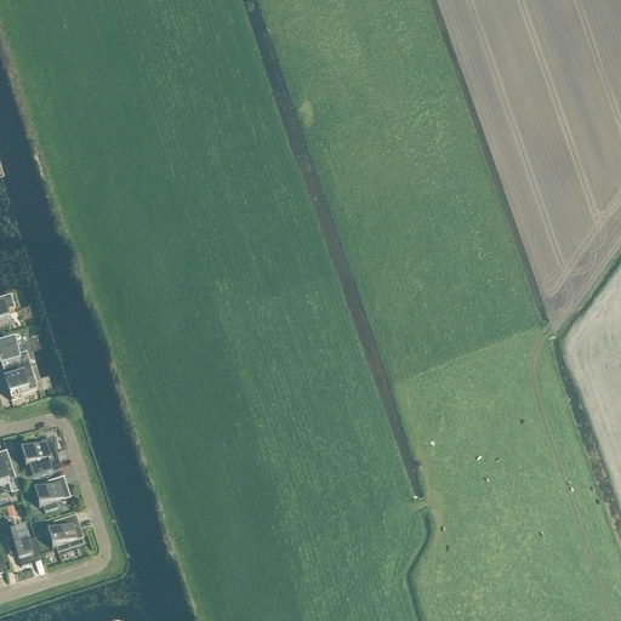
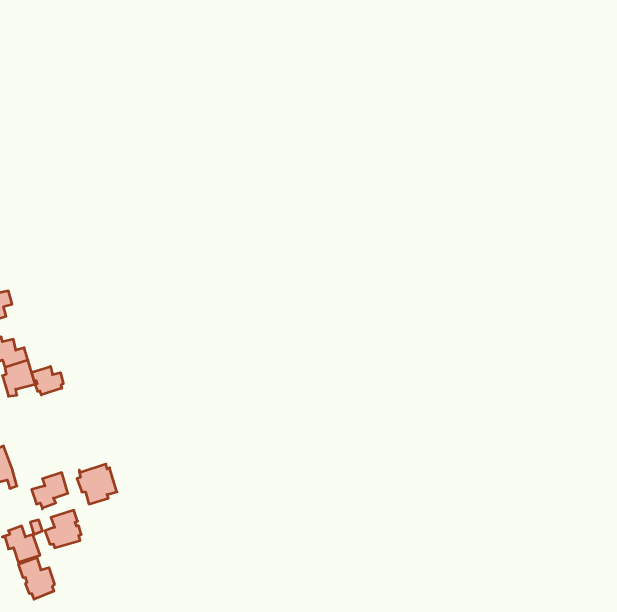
building: none -> [32,366,63,395]
building: [18,435,58,475] -> [77,464,117,504]
building: none -> [19,558,54,599]

